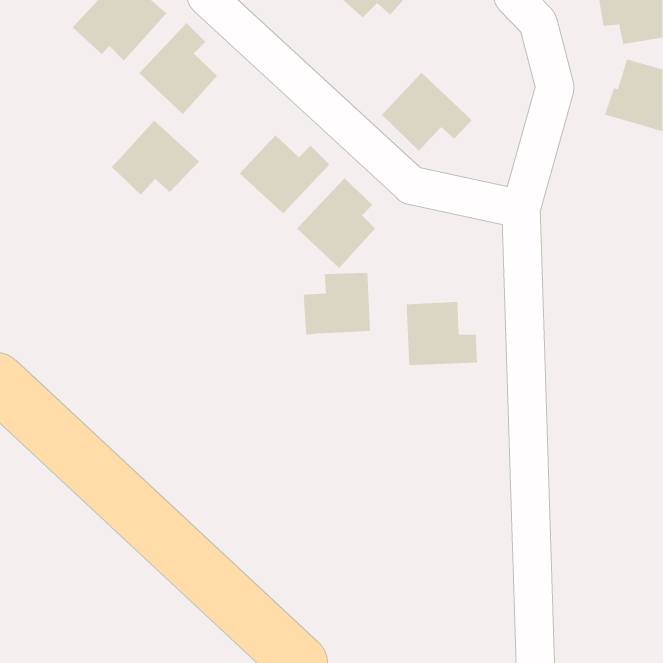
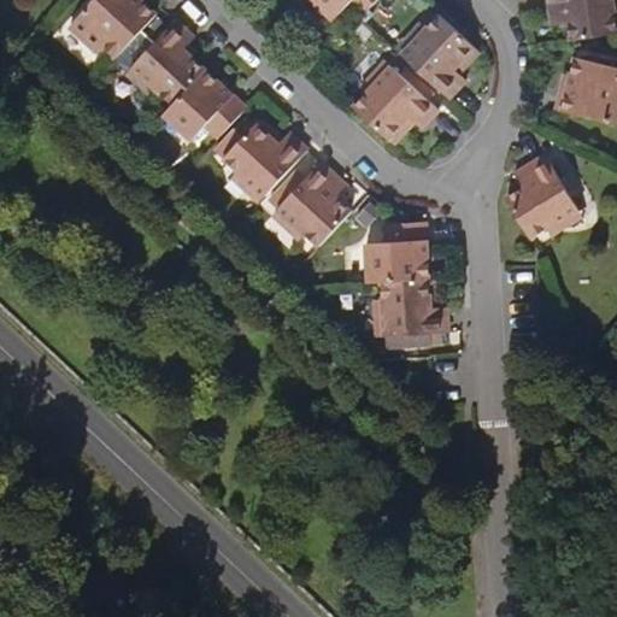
building: none -> [399,13,472,98]
building: [111,120,200,195] -> [161,70,243,140]
building: none -> [507,159,582,243]
building: [303,272,371,335] -> [360,224,423,282]

